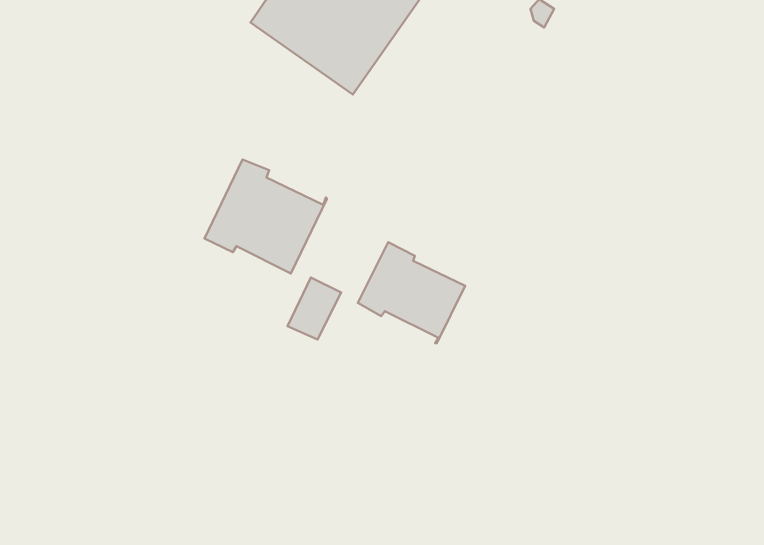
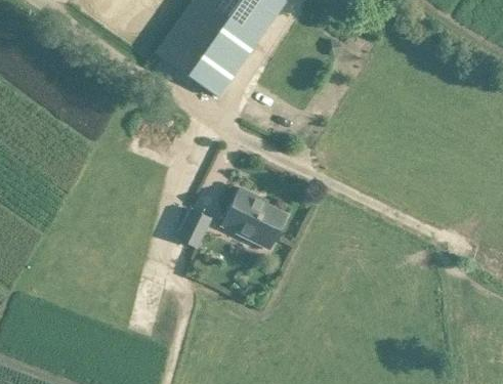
building: [205,159,327,274] -> none

